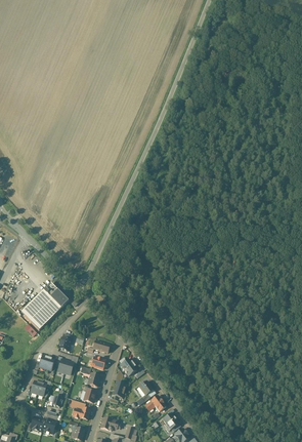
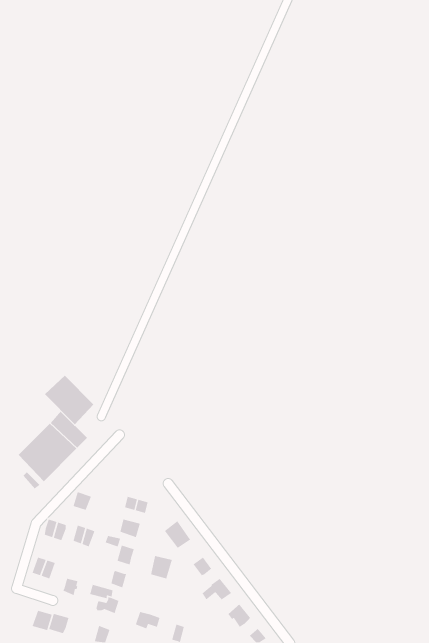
building: none -> [44,375,94,425]

